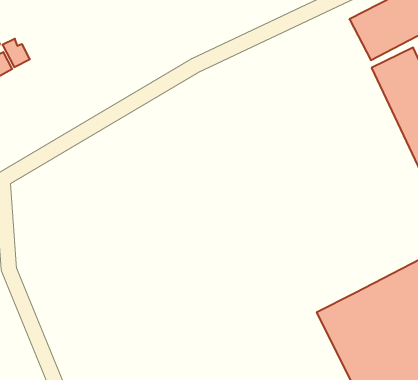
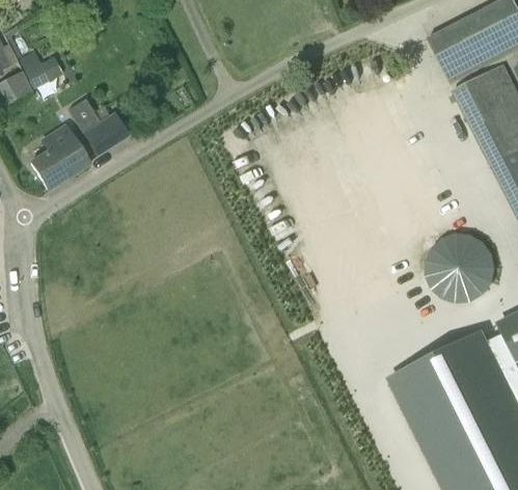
building: none -> [71,105,131,159]
building: none -> [33,129,88,190]
building: none -> [424,232,495,302]

